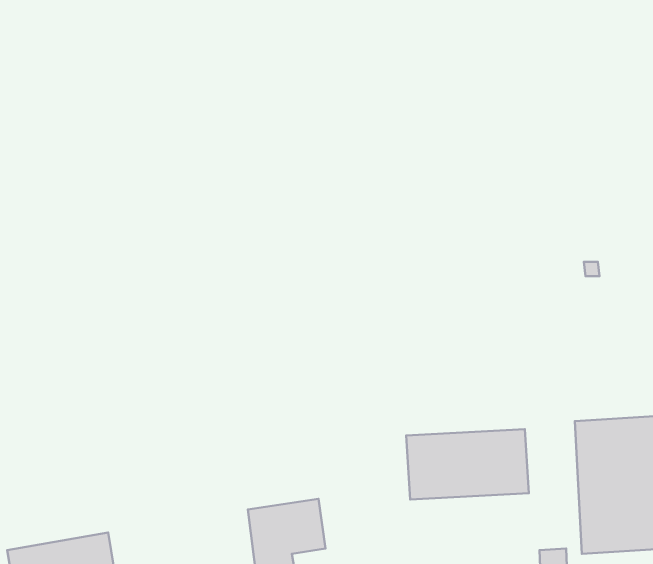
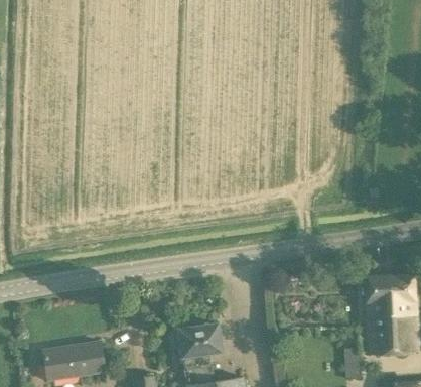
building: [406,429,529,499] -> none

